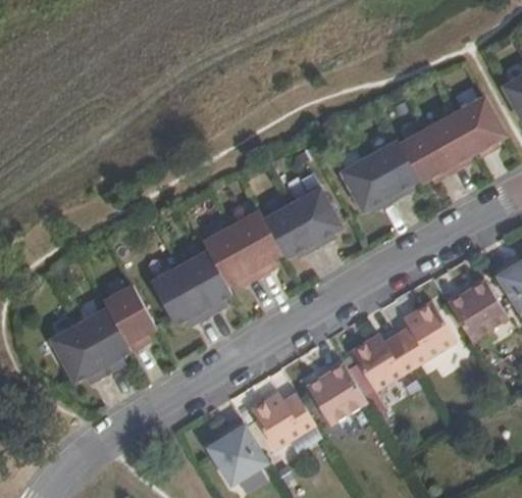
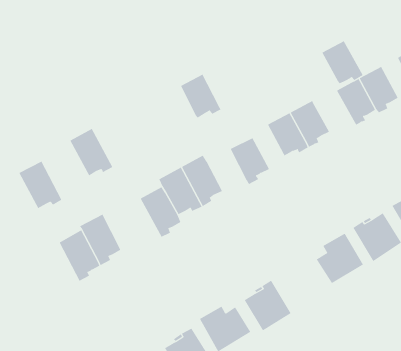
building: [398,128,451,183] -> [321,40,364,84]
building: [264,201,316,257] -> [180,74,221,118]
building: [151,263,206,323] -> [69,128,113,176]
building: [48,318,103,379] -> [18,161,62,209]
building: [356,338,420,395] -> none

